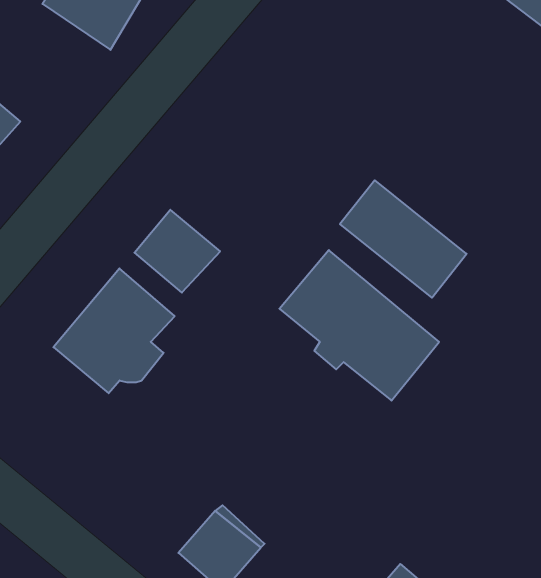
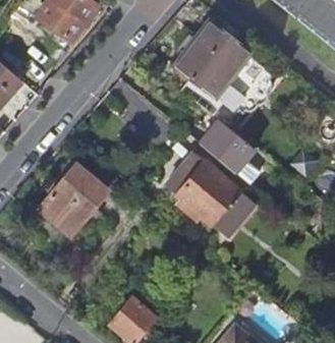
building: none -> [173,21,271,113]
building: [134,210,220,293] -> none

